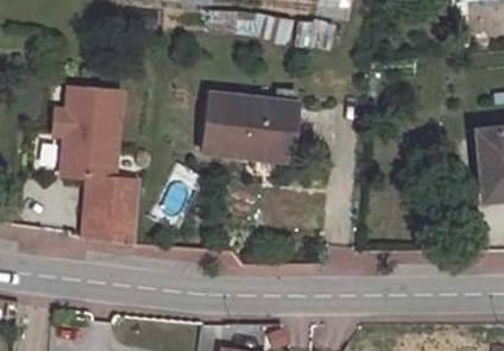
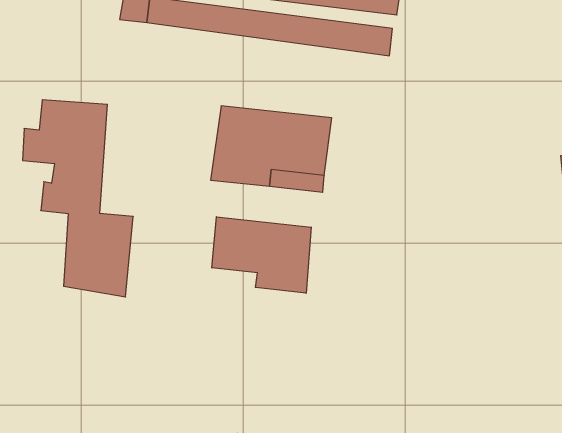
building: none -> [212,217,311,293]

